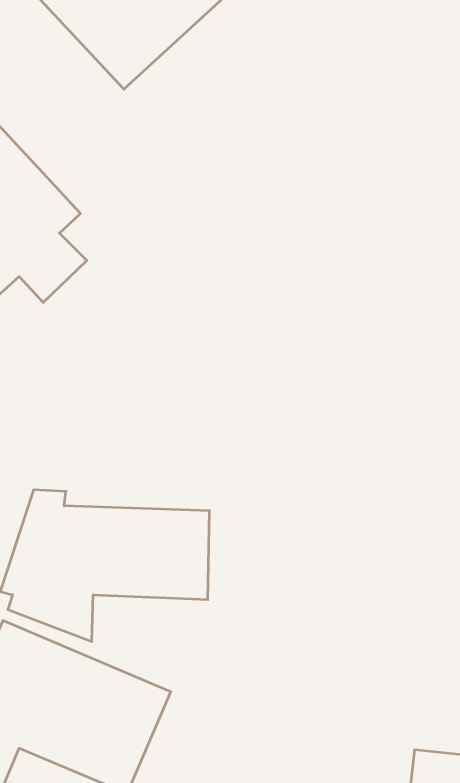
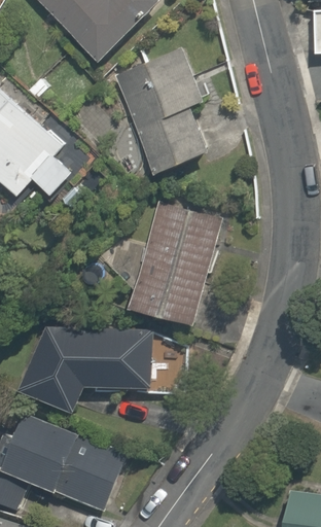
building: none -> [119,52,203,170]
building: none -> [130,203,221,322]
building: none -> [152,347,182,397]

